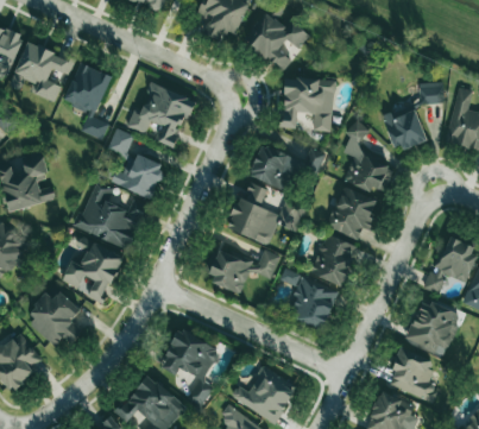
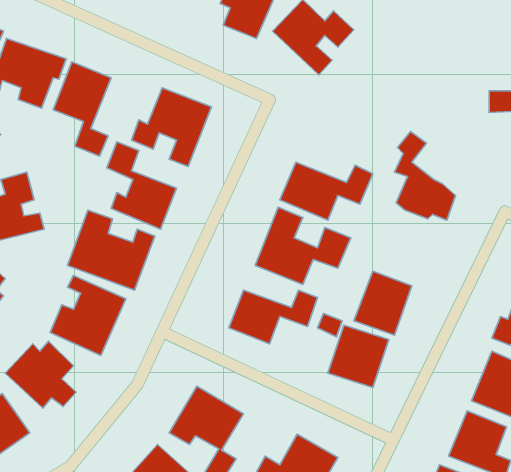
building: [281,77,334,132] -> none
building: [382,106,426,152] -> none
building: [327,187,378,239] -> none

